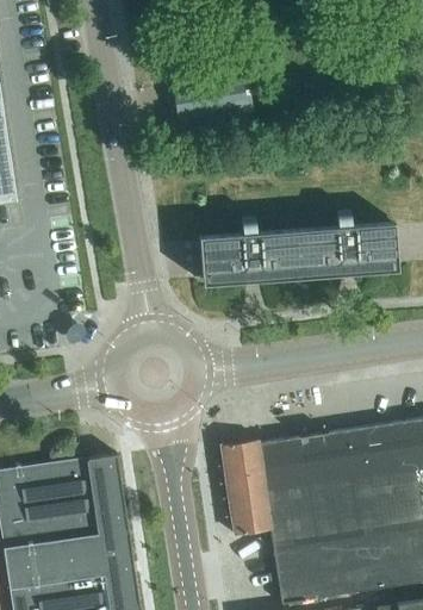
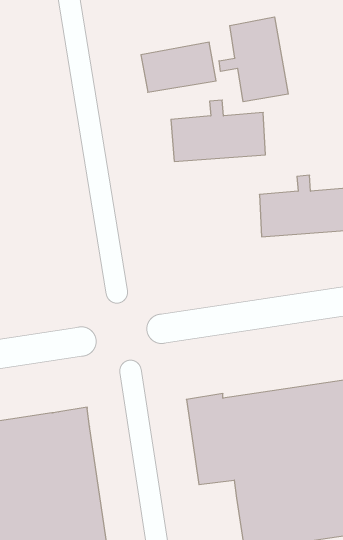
building: none -> [219,17,288,102]
building: [200,218,299,282] -> [171,100,265,161]

